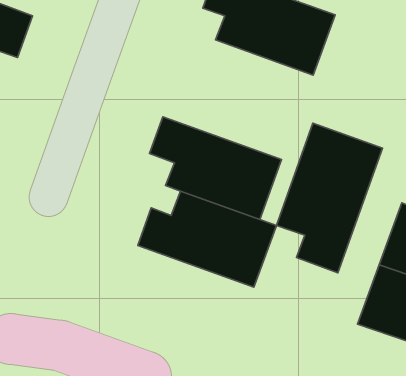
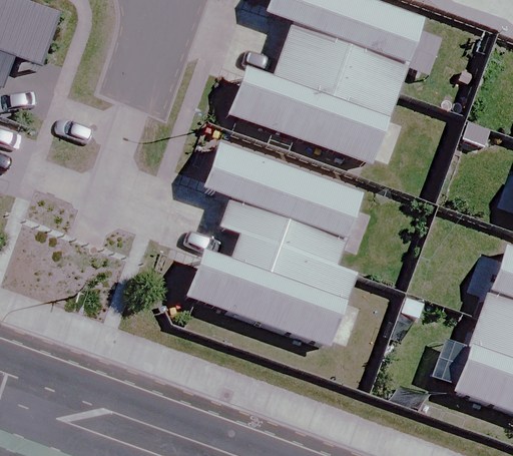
building: none -> [229,48,399,163]
building: [277,123,383,273] -> none

